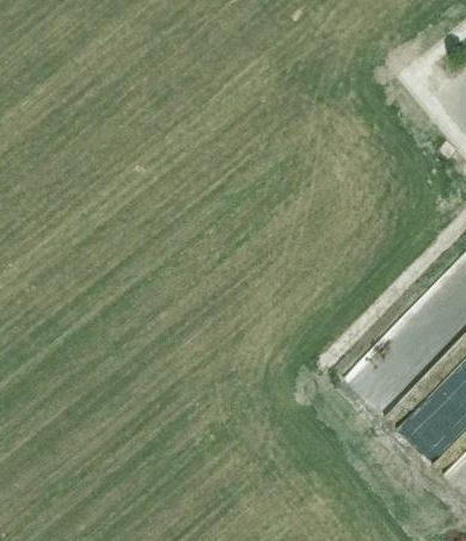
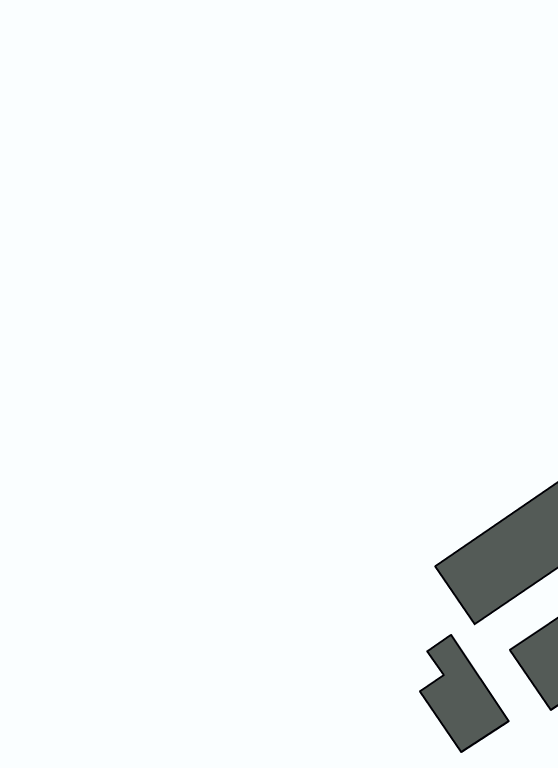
building: none -> [420,635,509,752]

